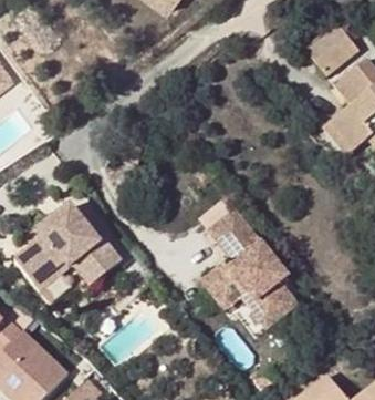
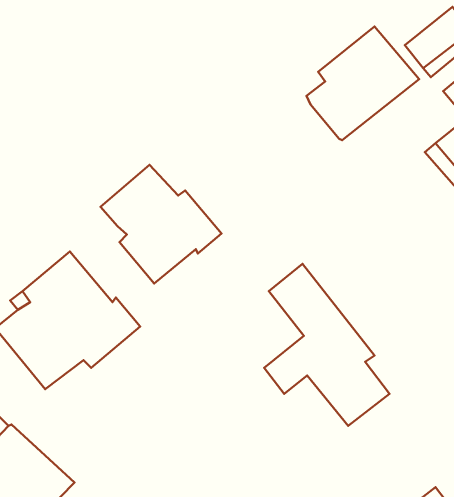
building: none -> [306,27,419,140]
building: none -> [101,165,221,284]

